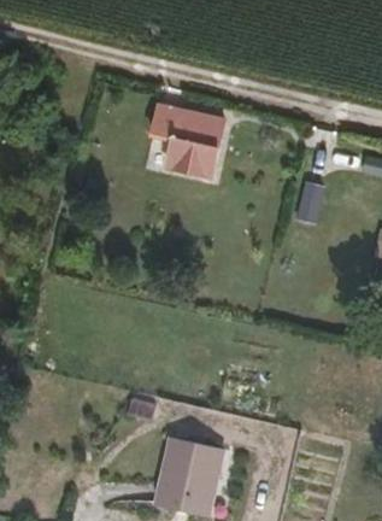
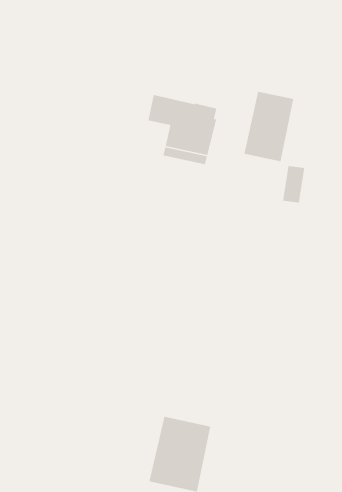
building: none -> [243,91,294,162]

